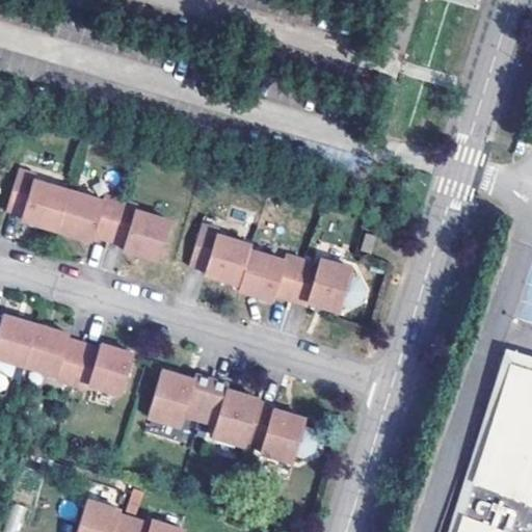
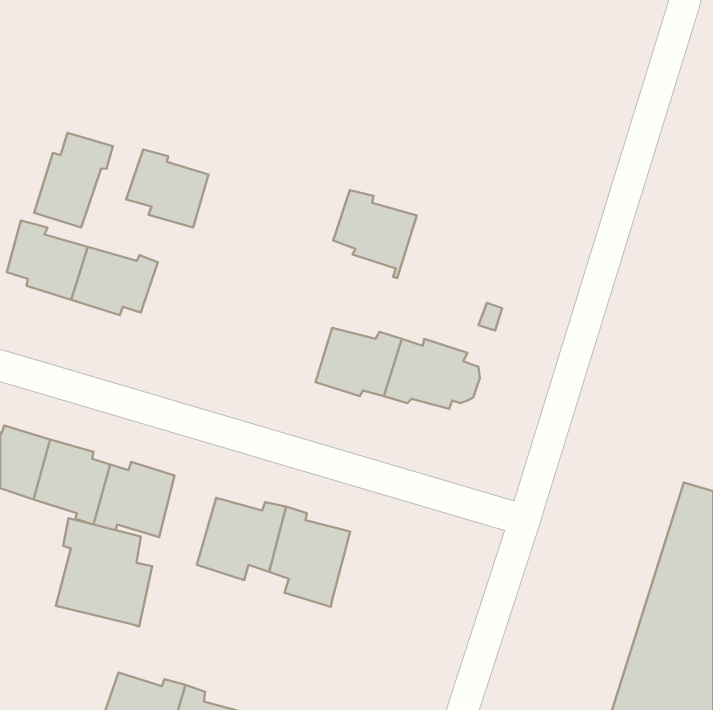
building: none -> [34,133,113,227]
building: [105,197,166,256] -> [126,149,209,227]
building: [187,221,249,287] -> [333,190,417,278]
building: none -> [56,518,152,627]
building: [247,398,320,470] -> none

